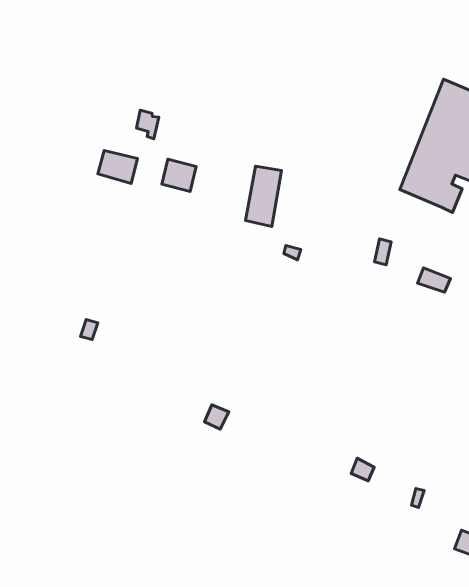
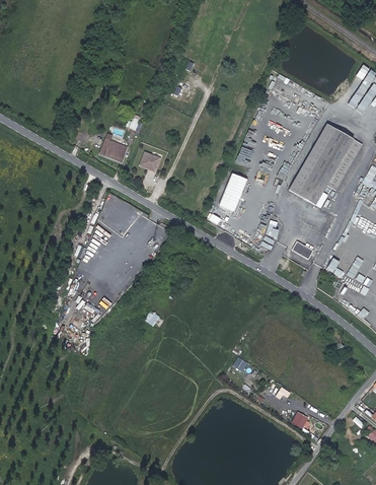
building: [245,166,282,226] -> [221,172,248,212]

